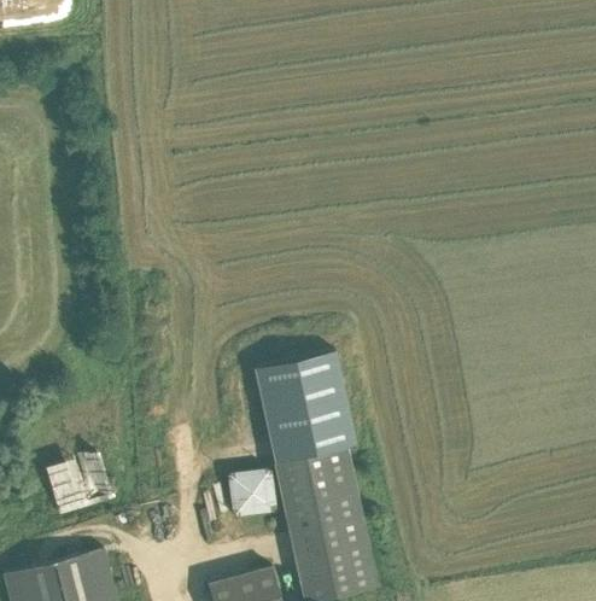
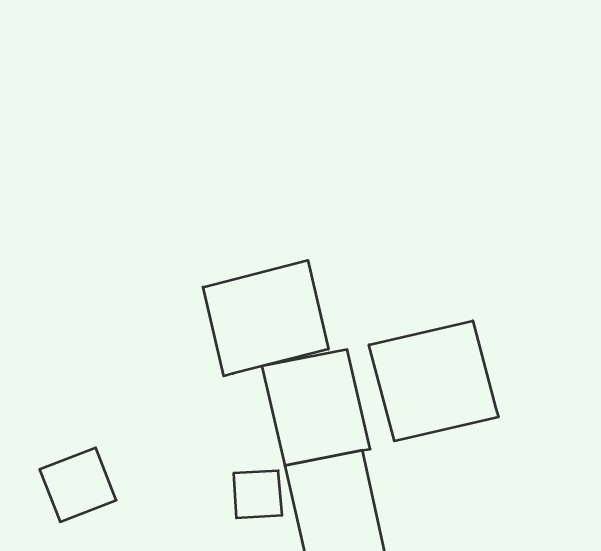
building: none -> [203,260,328,376]
building: none -> [369,321,498,441]

